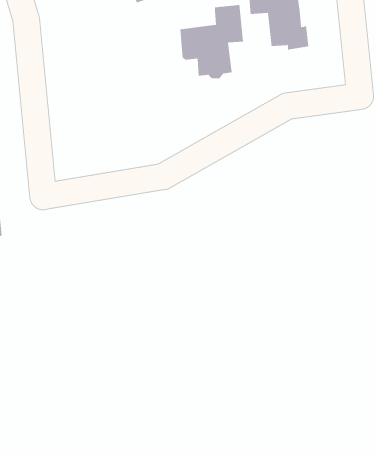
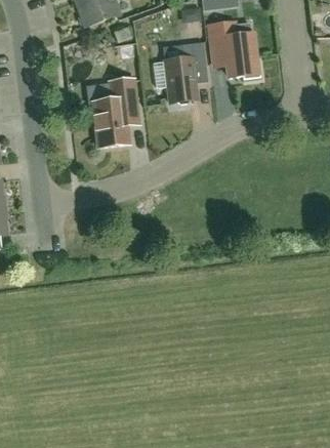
building: none -> [92,79,138,148]

